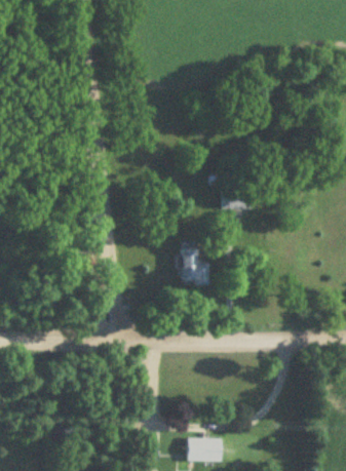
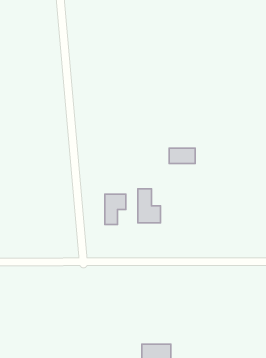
building: none -> [105,194,126,225]

